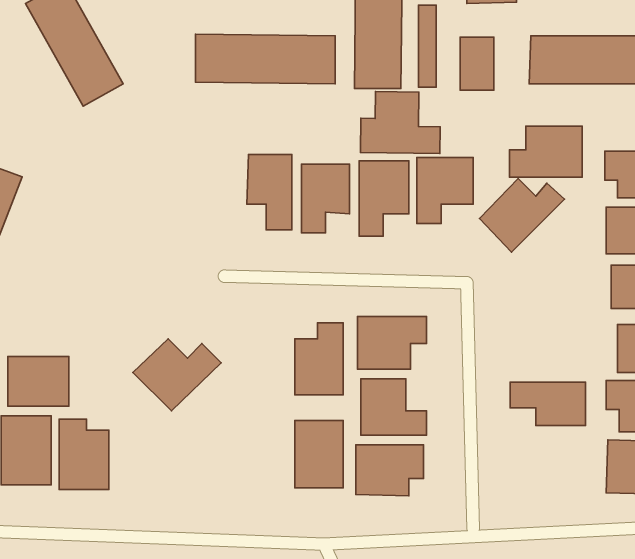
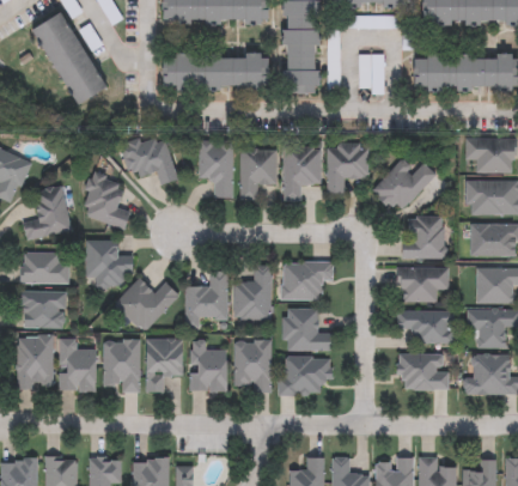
building: [360,92,440,154] -> none
building: [510,126,582,177] -> none
building: none -> [123,134,179,186]
building: none -> [83,174,132,229]
building: none -> [25,188,72,239]
building: none -> [404,217,446,259]
building: none -> [86,241,134,288]
building: none -> [22,253,68,284]
building: none -> [401,268,449,303]
building: none -> [187,272,228,328]
building: none -> [146,339,185,393]
building: none -> [104,340,140,390]
building: none -> [191,341,228,391]
building: none -> [400,354,449,390]

